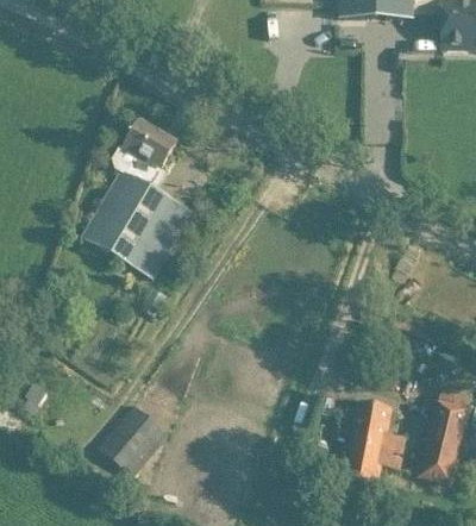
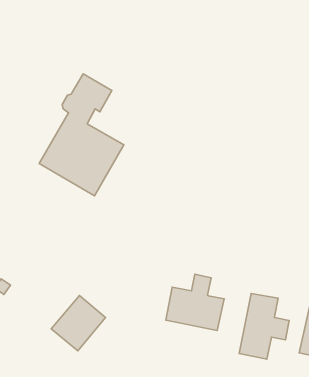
building: none -> [166,274,224,331]

